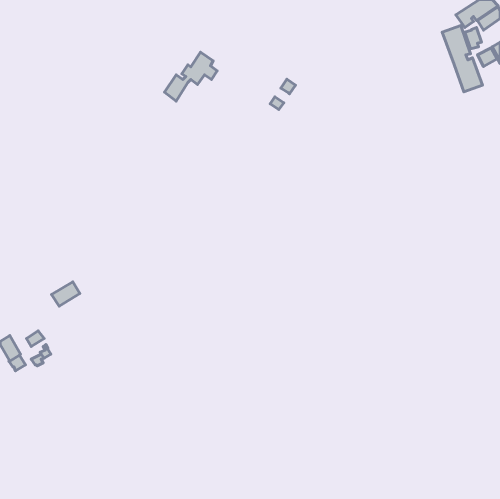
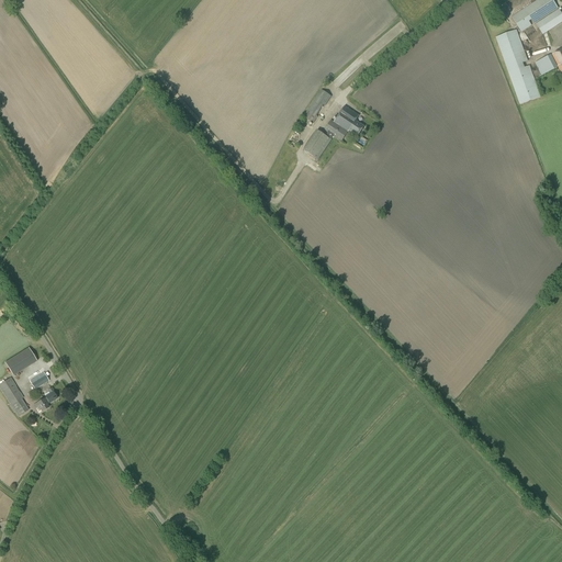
building: [164,52,217,101] -> [304,104,363,159]
building: [51,282,80,306] -> [4,347,36,374]

